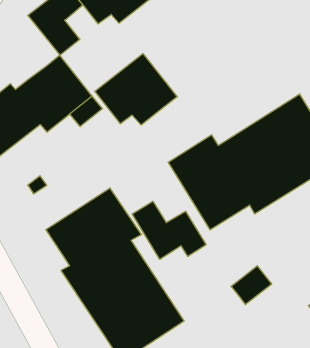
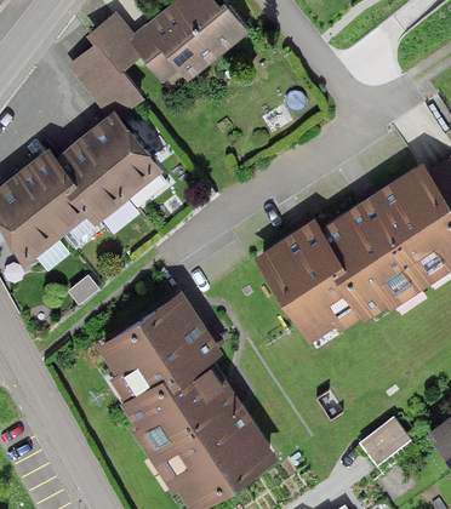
building: [95,54,177,125] -> none
building: [132,201,206,259] -> none
building: [231,266,272,305] -> [361,417,413,467]

